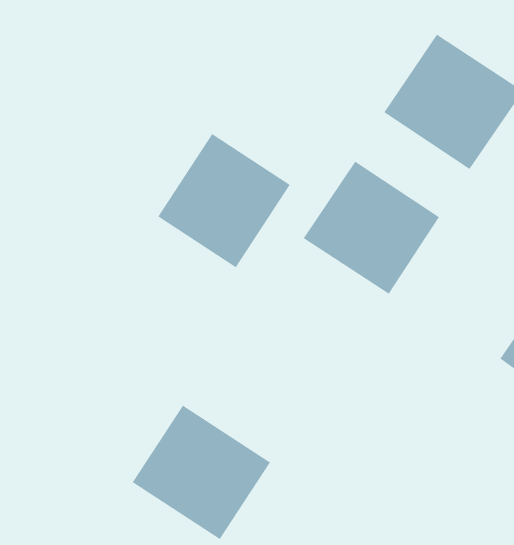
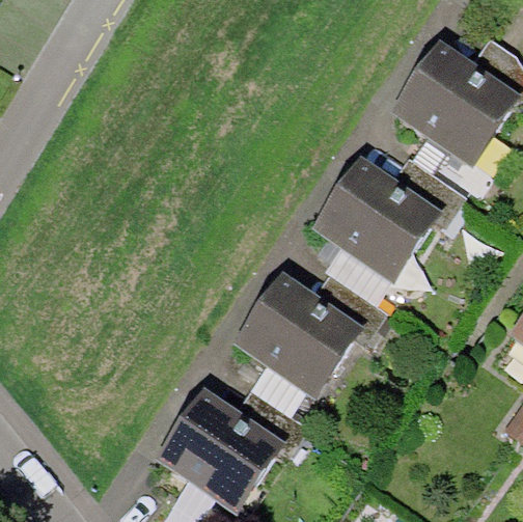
building: [158,133,290,268] -> none
building: none -> [233,272,362,397]

